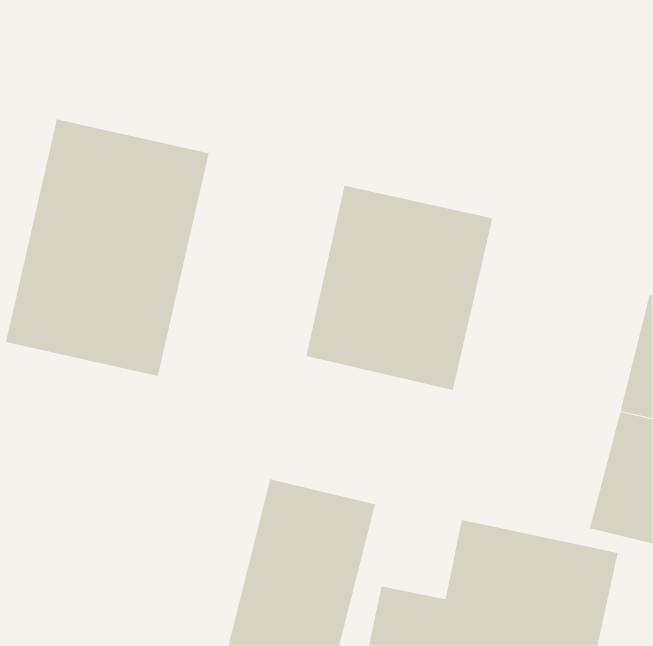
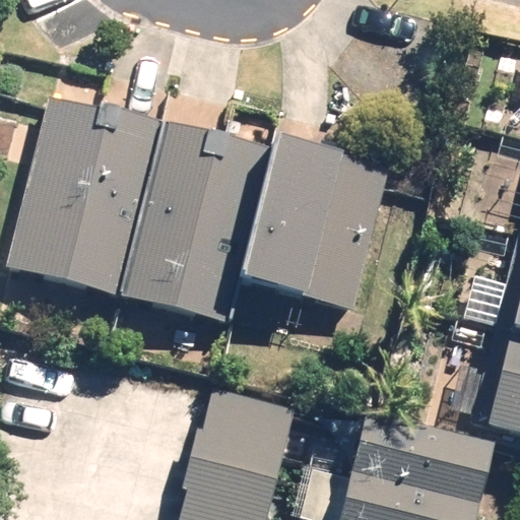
building: none -> [126,122,273,324]

